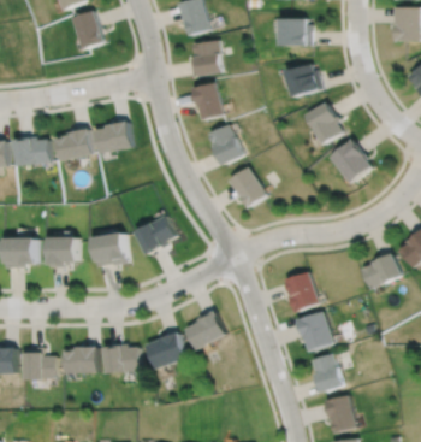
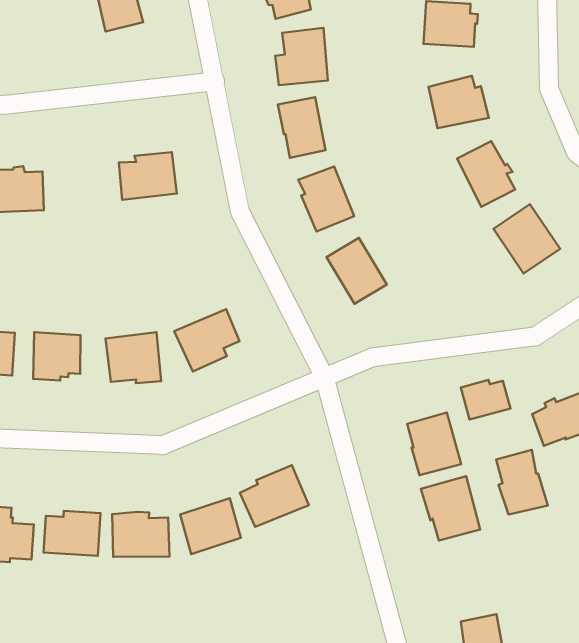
building: [55,129,93,161] -> none
building: none -> [461,380,510,420]
building: [310,353,344,394] -> [496,450,548,515]

